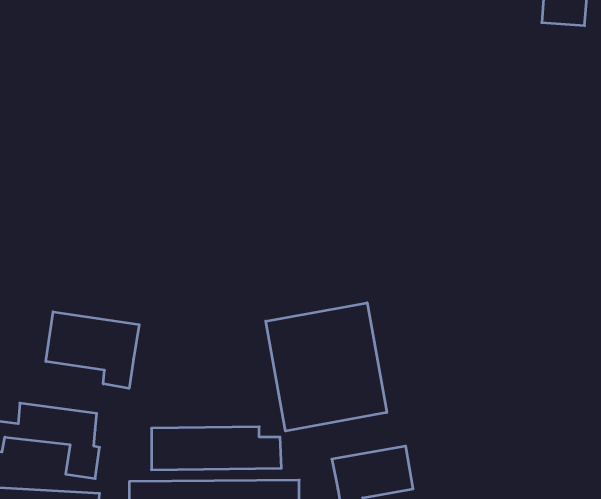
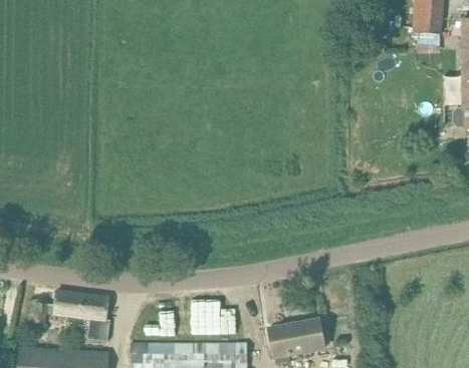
building: [266,303,387,431] -> none
building: [46,312,139,388] -> none

